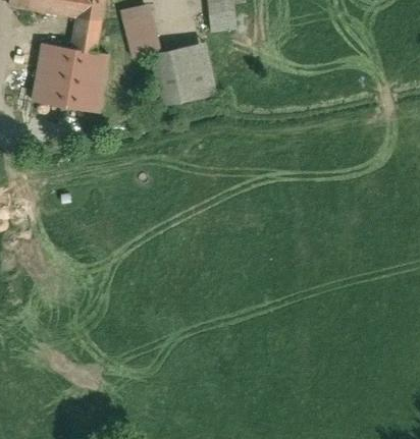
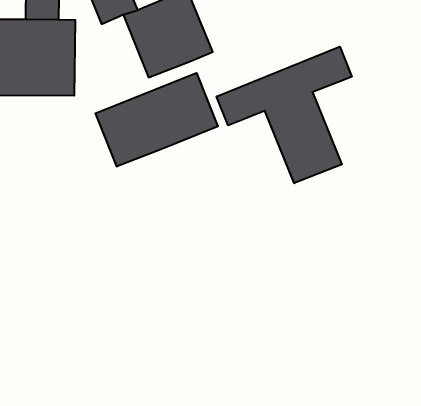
building: none -> [217,47,352,183]
building: none -> [95,73,218,167]

